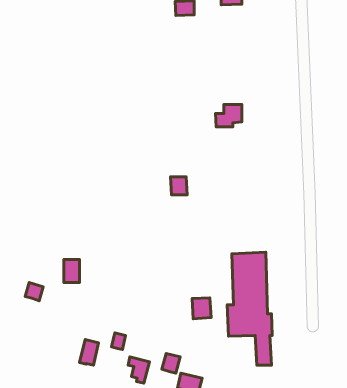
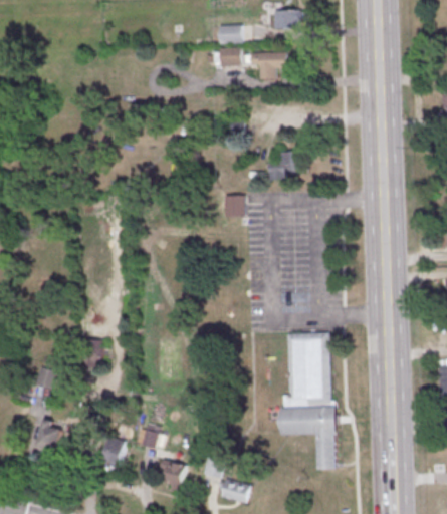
building: none -> [219,46,241,64]
building: none -> [250,51,285,79]
building: [171,177,187,195] -> [223,195,243,217]
building: [192,298,211,319] -> none
building: none -> [37,417,62,451]

